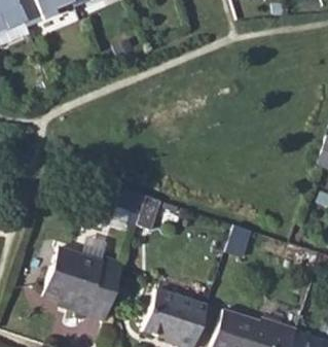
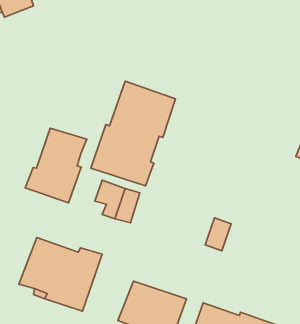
building: none -> [91,81,176,186]
building: none -> [25,128,87,203]

